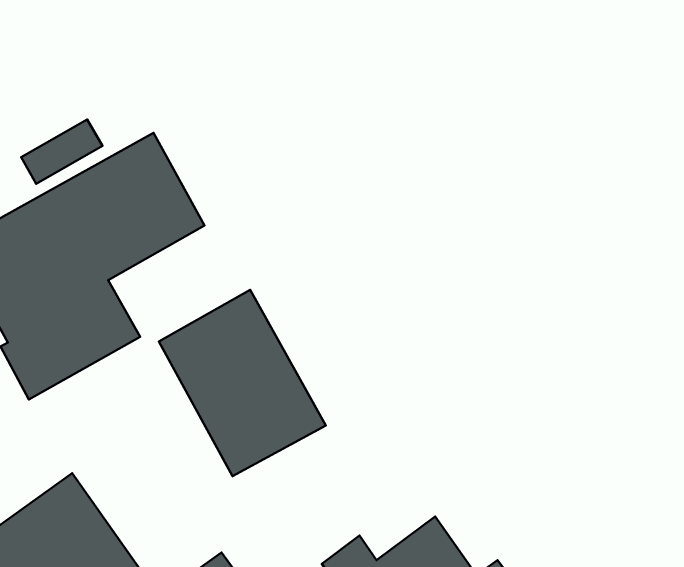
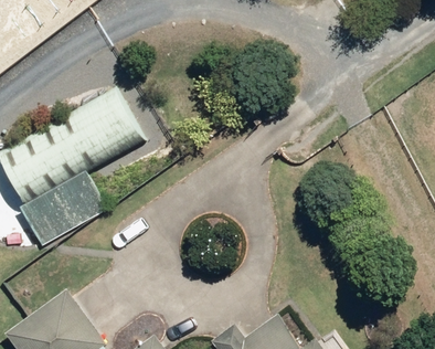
building: [159,290,326,476] -> none

